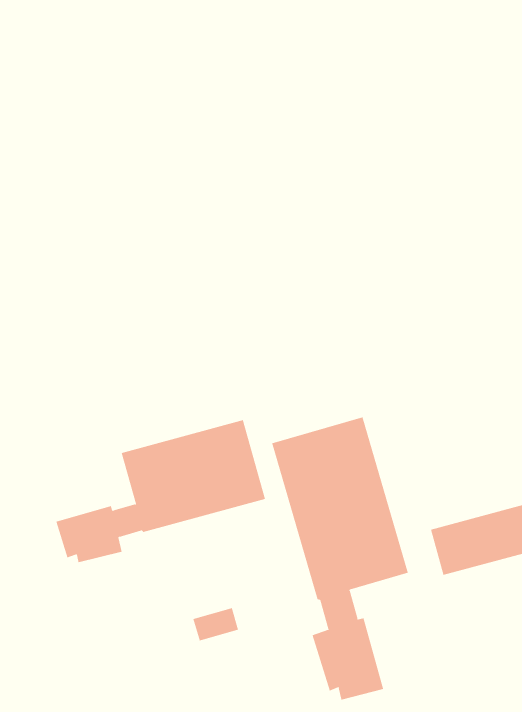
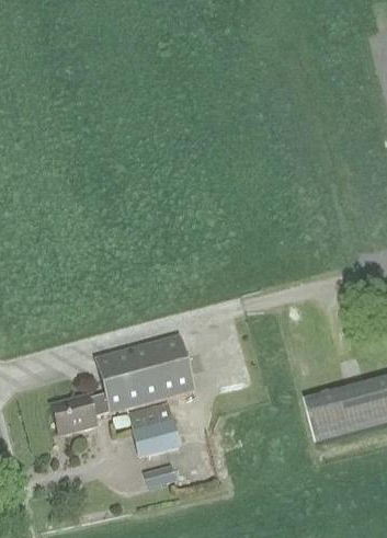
building: [272,416,409,701] -> none
building: none -> [127,399,179,455]

